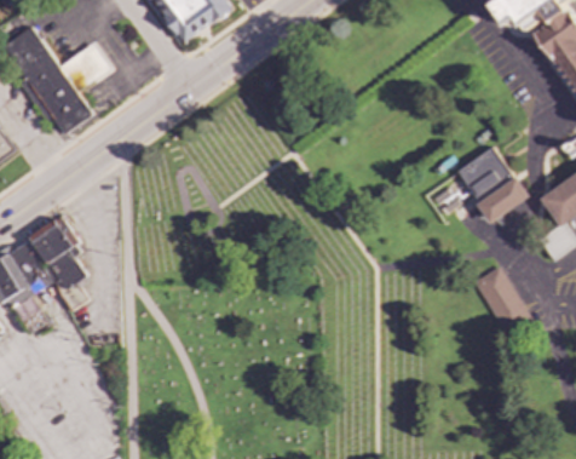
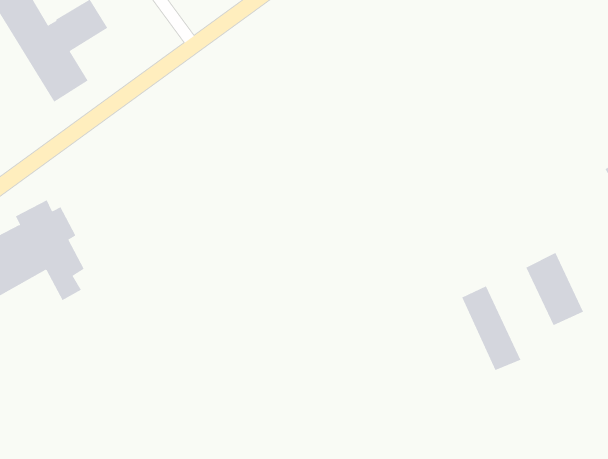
building: [454,144,524,220] -> none
building: none -> [462,285,521,371]

